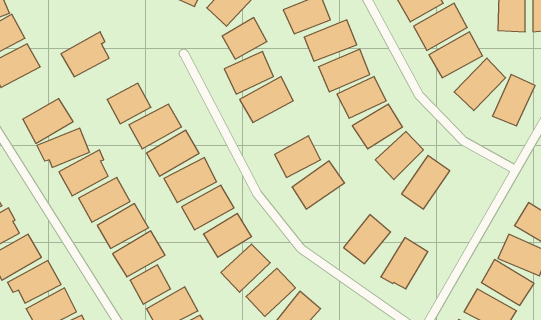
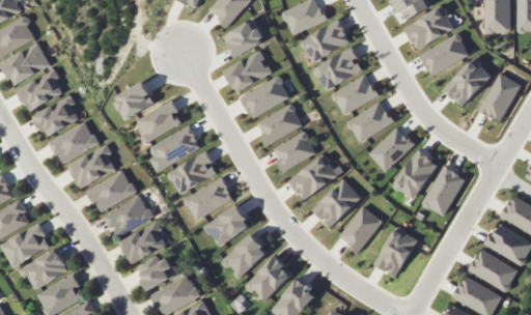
building: [61,32,109,77] -> [18,68,63,111]
building: none -> [256,104,303,144]
building: none -> [422,165,466,216]
building: none -> [313,179,361,226]

